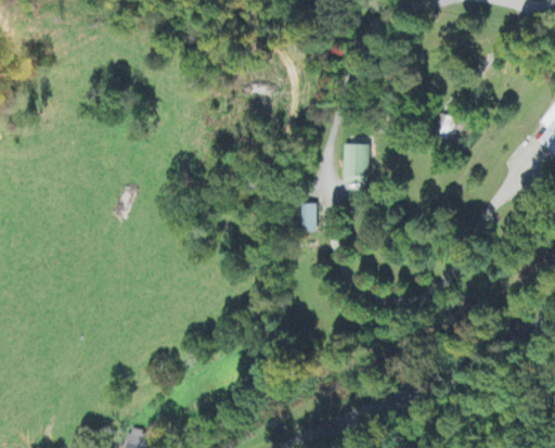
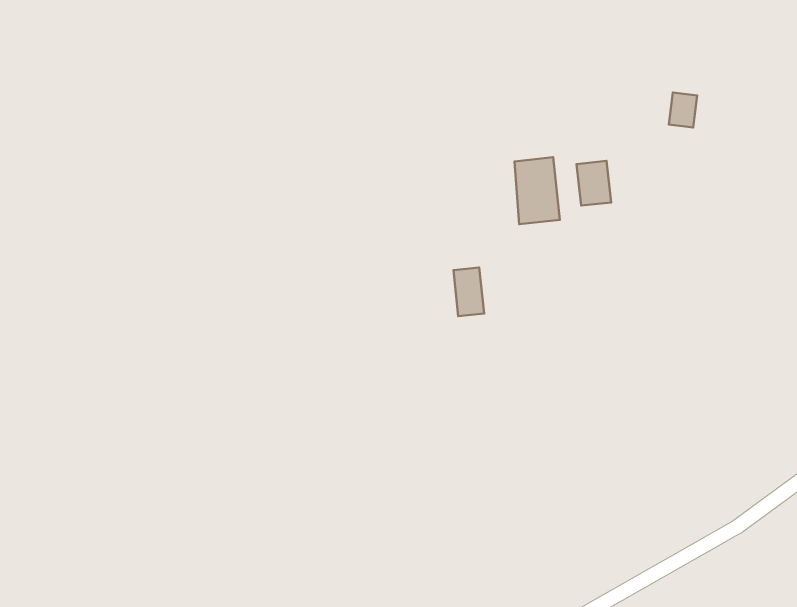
building: none -> [577,161,611,206]

